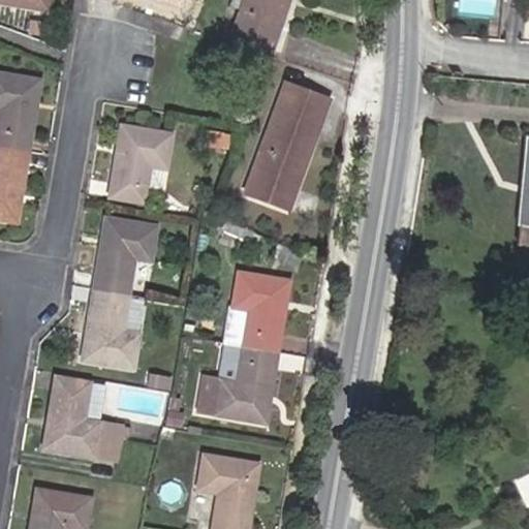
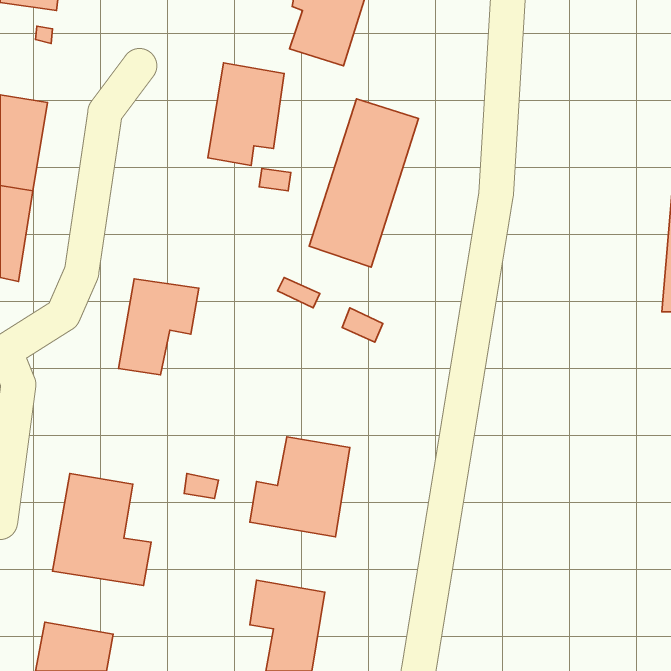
building: [108,125,168,206] -> [208,63,284,166]
building: [226,274,287,351] -> none
building: [83,289,144,367] -> none

